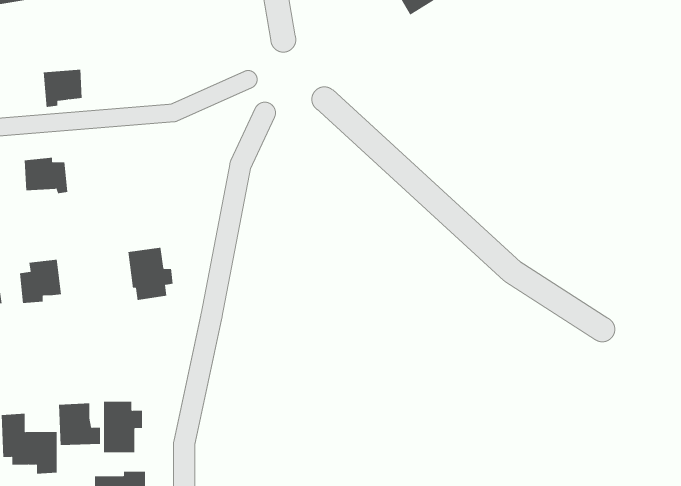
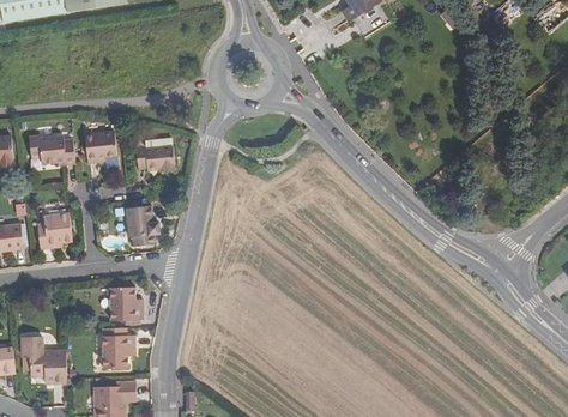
building: [43,69,83,107] -> [84,131,115,161]
building: none -> [135,146,175,173]
building: [58,403,101,446] -> [109,285,143,319]

